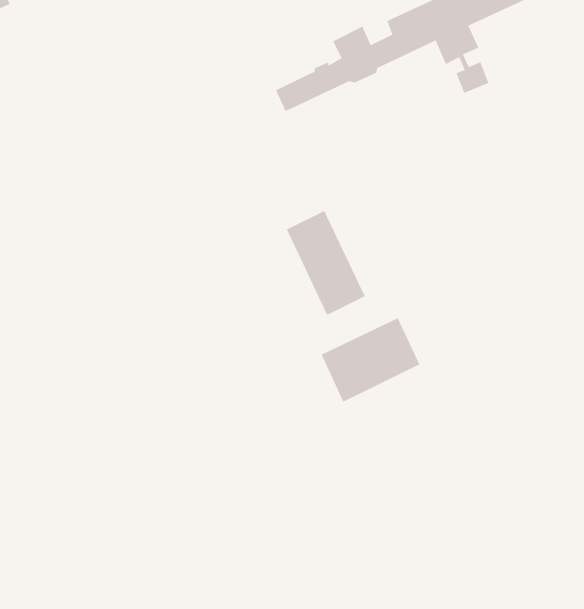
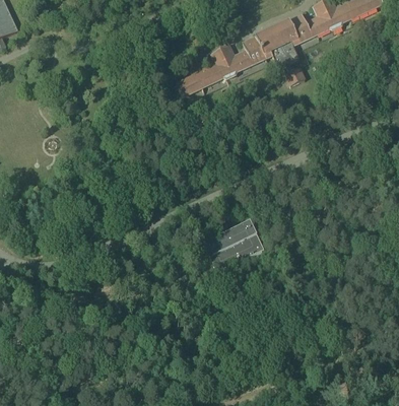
building: [286,210,366,316] -> none

